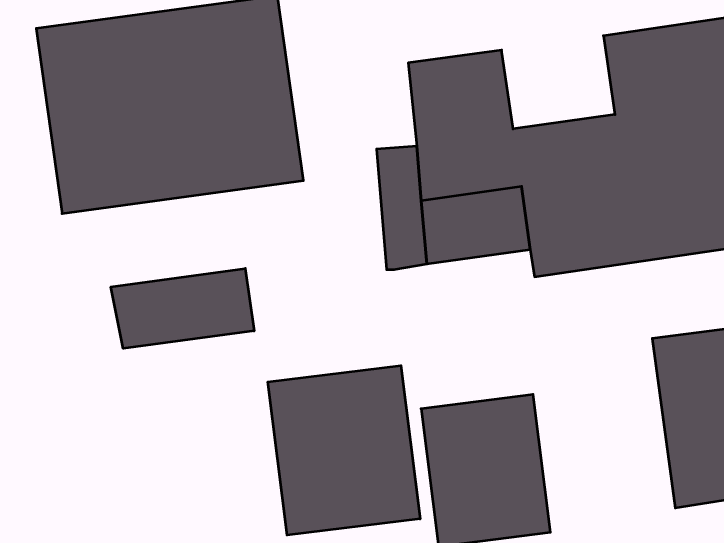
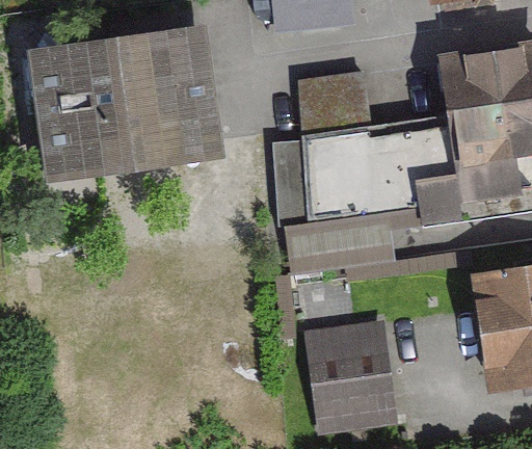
building: none -> [287,213,392,269]
building: [111,268,254,348] -> none
building: [268,366,420,535] -> none

